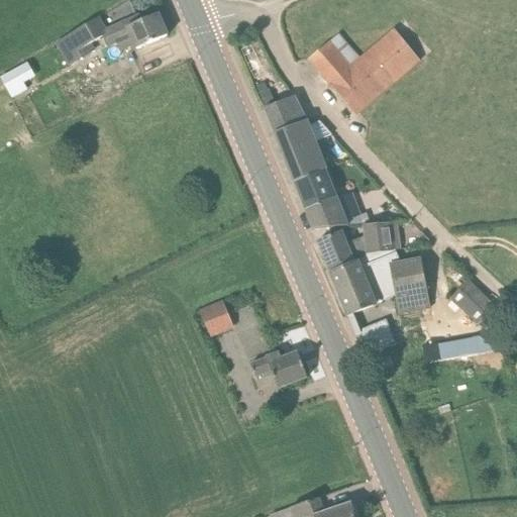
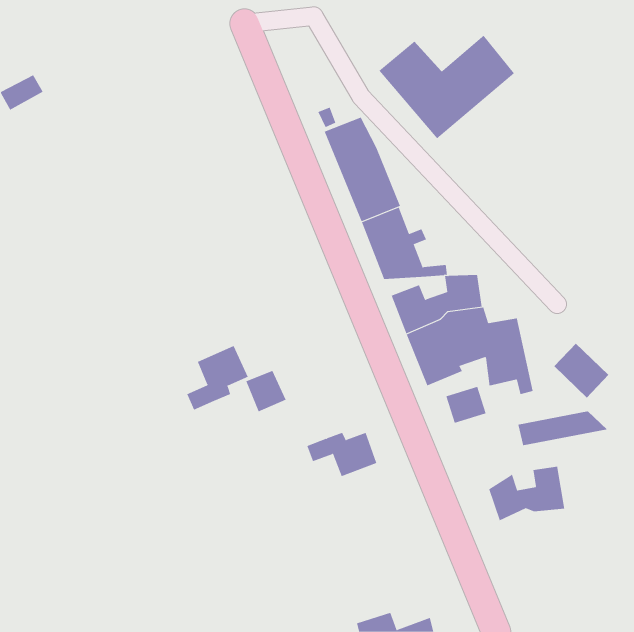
building: [55,12,167,66] -> none
building: none -> [187,345,248,411]
building: none -> [488,466,565,521]

